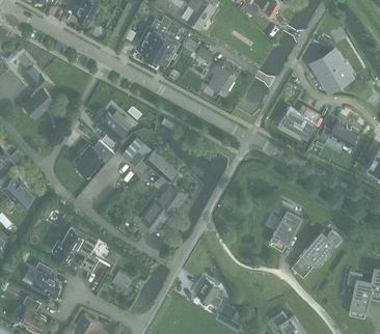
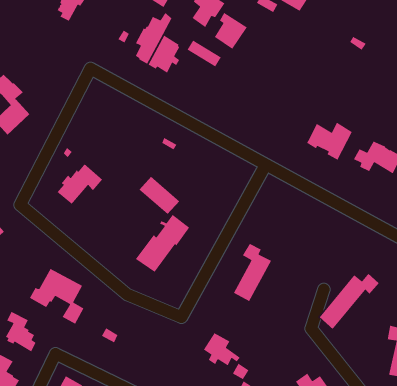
building: [313,50,350,88] -> none
building: [207,64,235,95] -> [214,12,248,50]
building: [96,112,126,146] -> none
building: [120,137,153,167] -> none
building: [268,202,300,251] -> [233,243,272,302]

